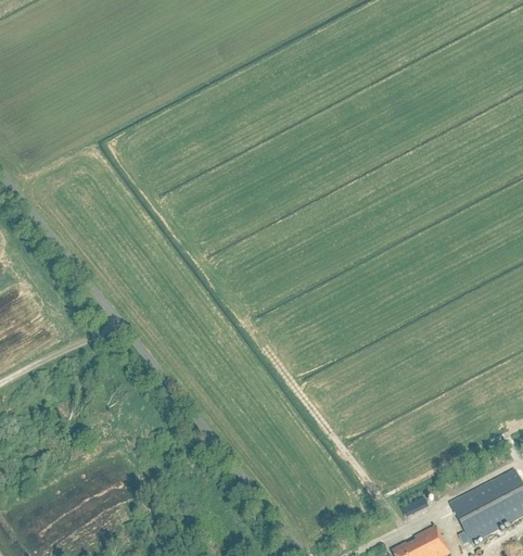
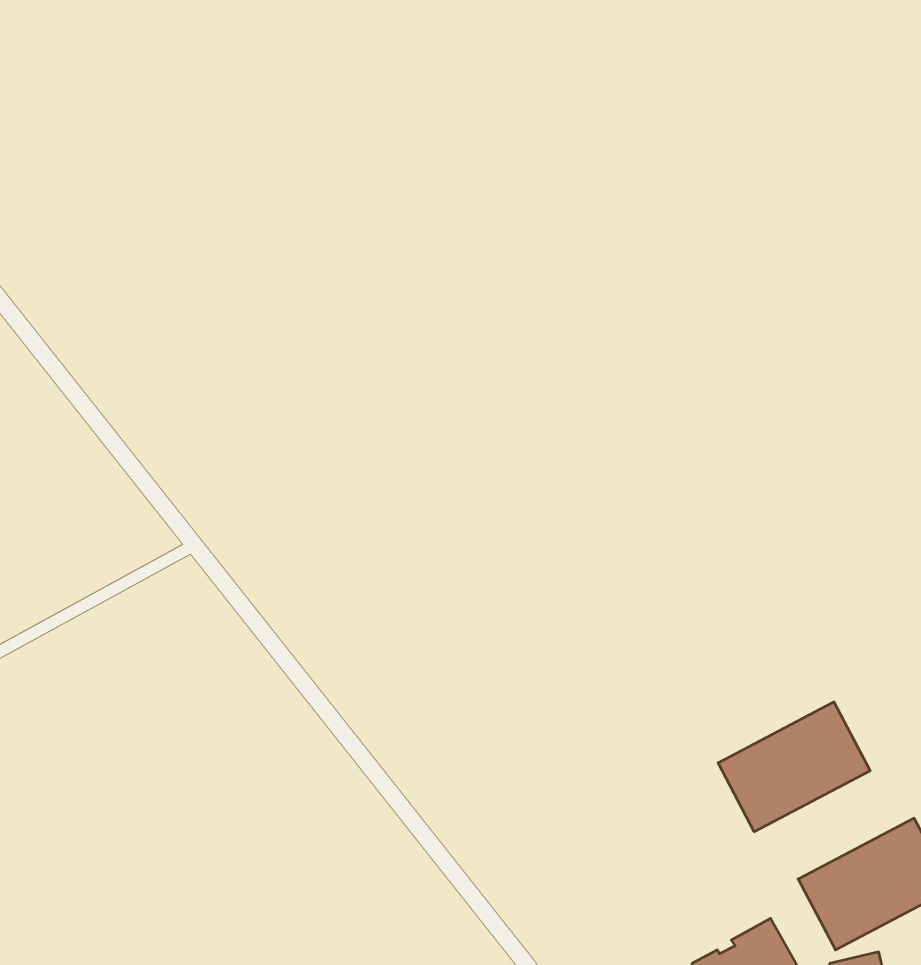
building: none -> [718,702,870,832]

